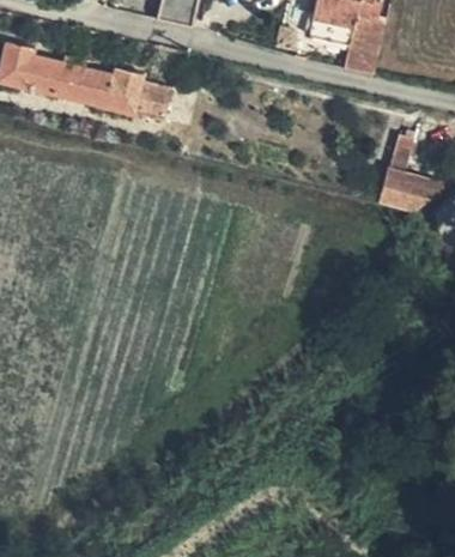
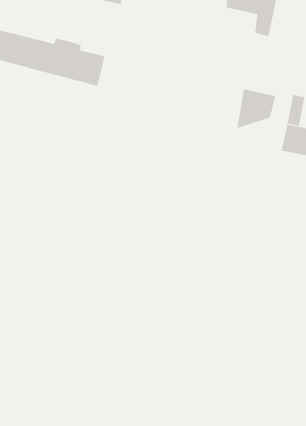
building: none -> [237,89,276,129]

